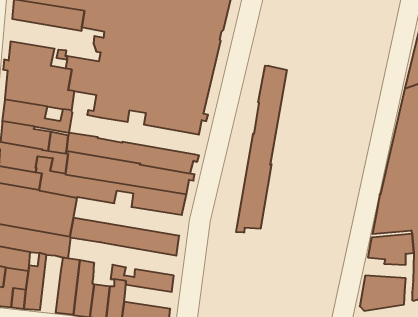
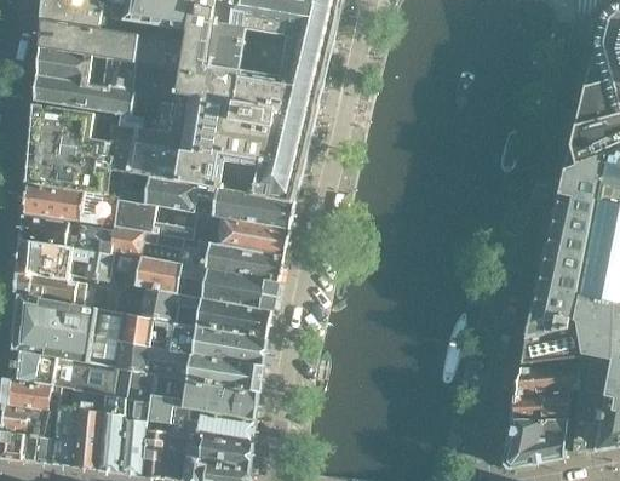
building: none -> [35,74,134,115]
building: [236,66,287,233] -> none
building: none -> [114,200,289,257]
building: none -> [120,313,266,365]
building: none -> [128,370,258,423]
building: none -> [75,390,103,468]
building: none -> [511,394,566,422]
building: none -> [188,433,252,463]

